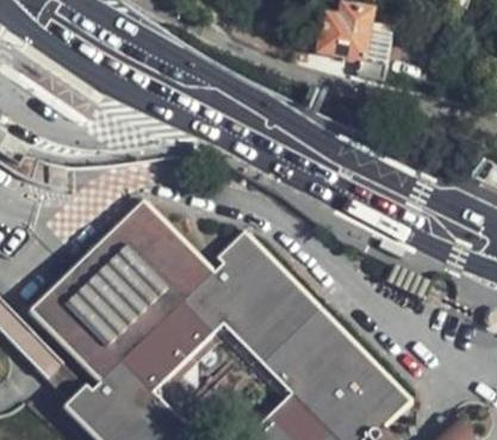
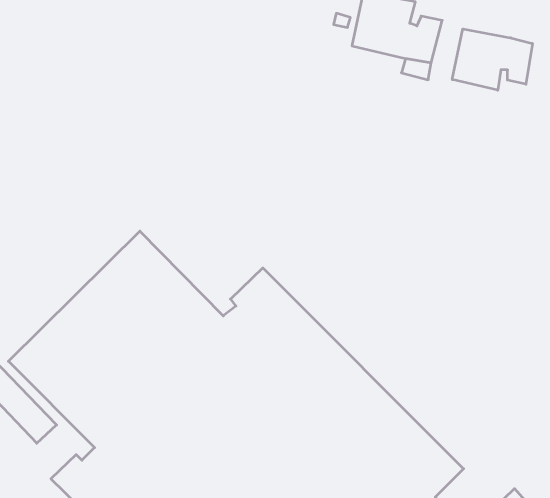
building: none -> [452,29,532,90]

